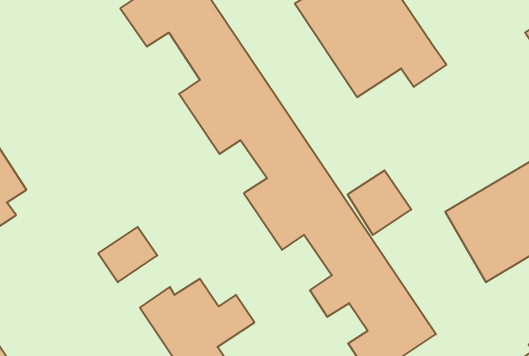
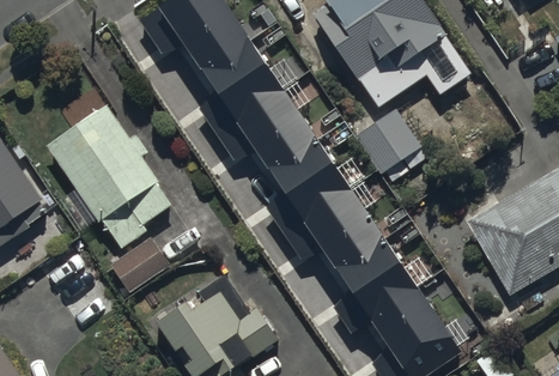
building: none -> [44,104,171,247]
building: [348,170,411,235] -> [356,108,421,175]

